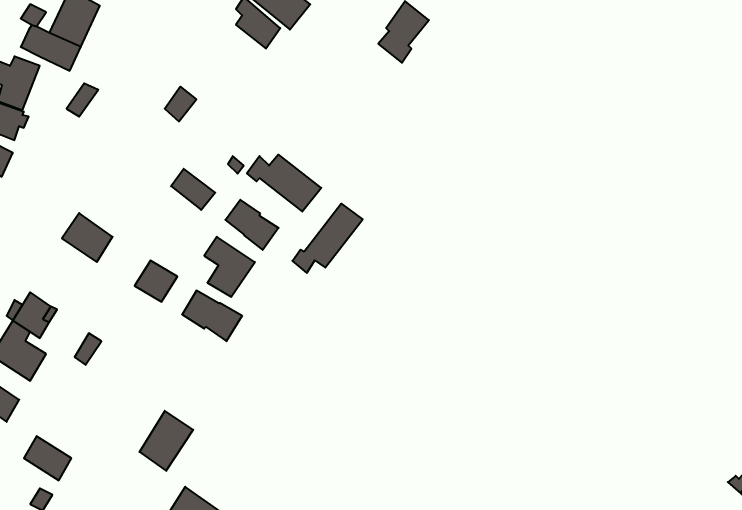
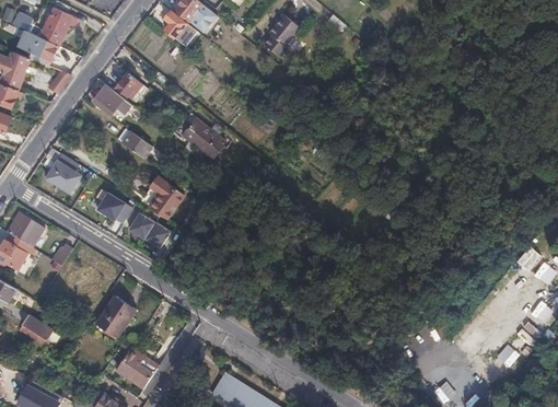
building: none -> [92,84,131,114]
building: [225,200,279,250] -> none
building: [292,204,363,273] -> none

